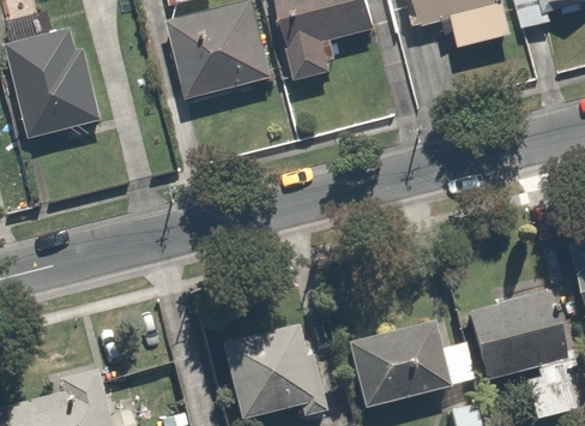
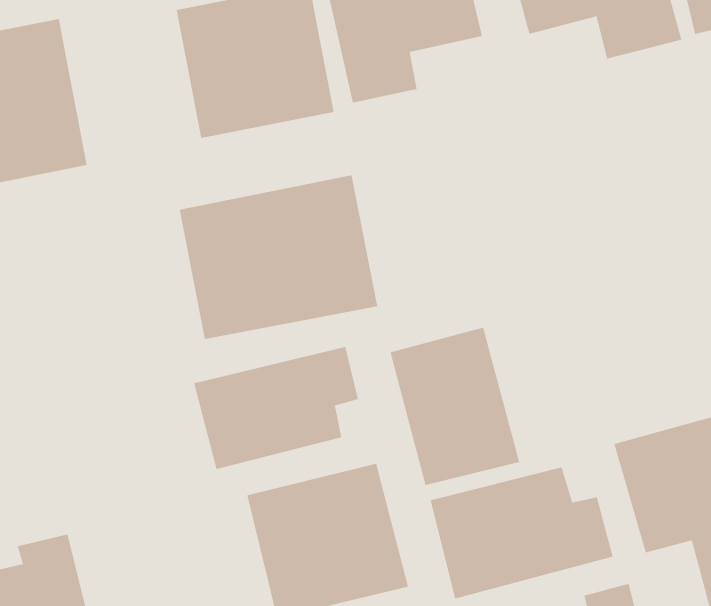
building: none -> [179,175,378,340]
building: none -> [390,327,520,486]
building: none -> [194,346,358,470]

